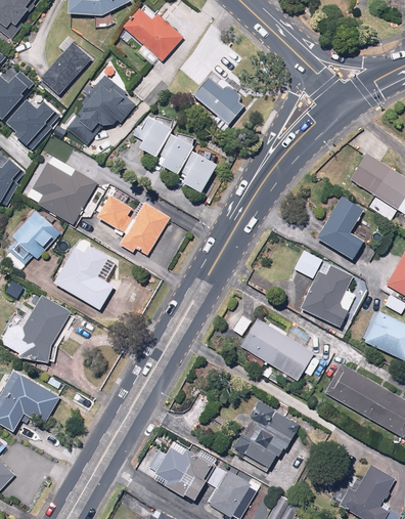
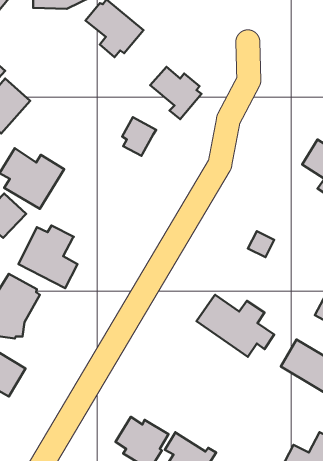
building: [40,41,92,94] -> none
building: [61,75,138,145] -> none
building: [138,112,174,153] -> none
building: [182,147,219,188] -> none
building: [95,193,172,256] -> none
building: [315,197,363,260] -> none
building: [300,265,356,328] -> none
building: [231,407,299,467] -> none

